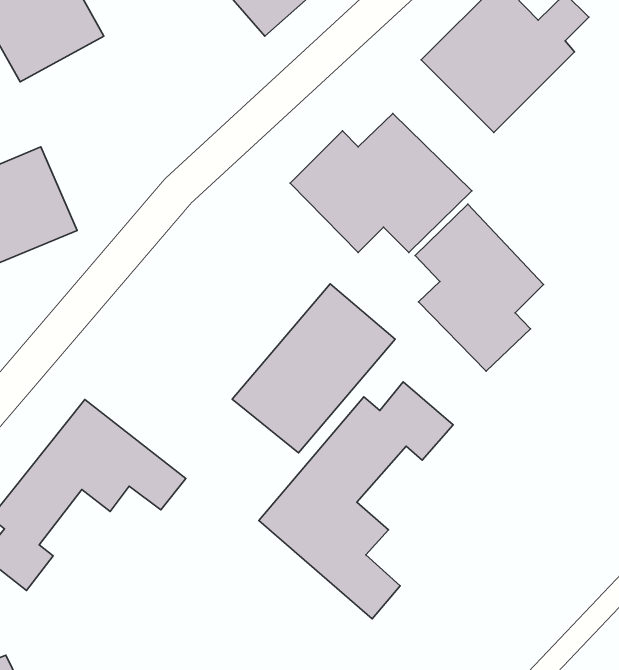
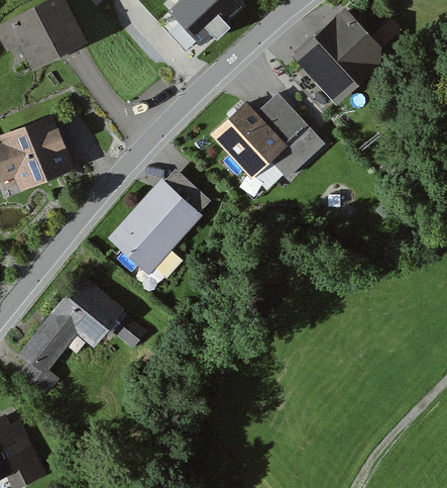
building: [415,204,543,371] -> none
building: [232,284,395,453] -> [107,166,211,274]
building: [259,382,453,619] -> none

